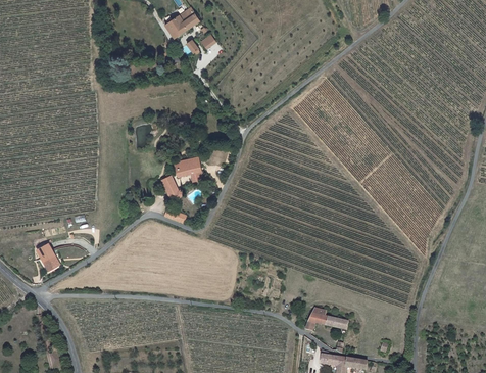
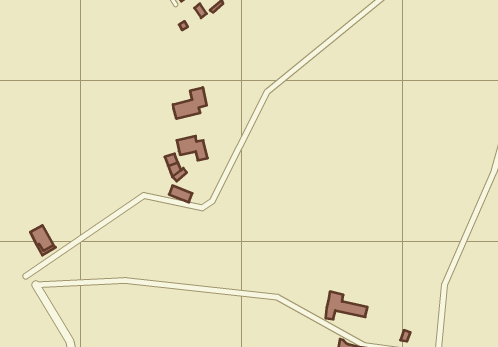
building: none -> [173,87,207,119]

